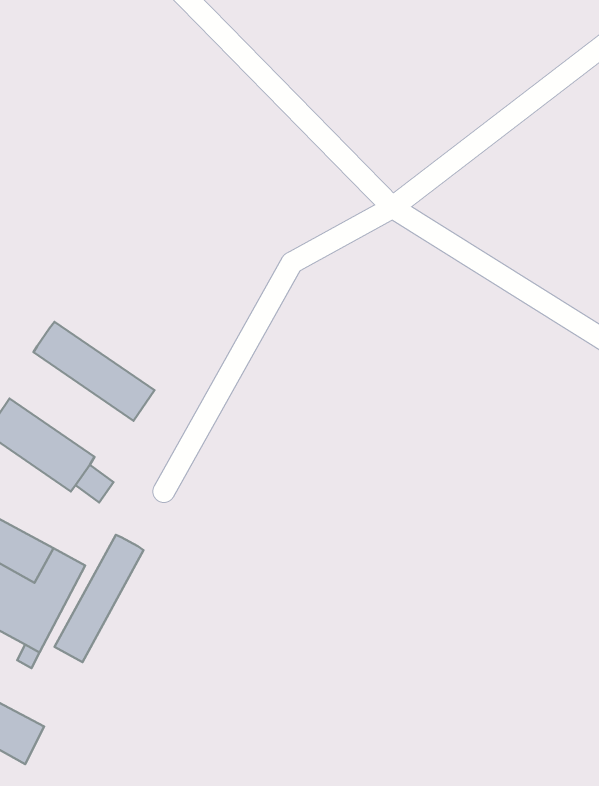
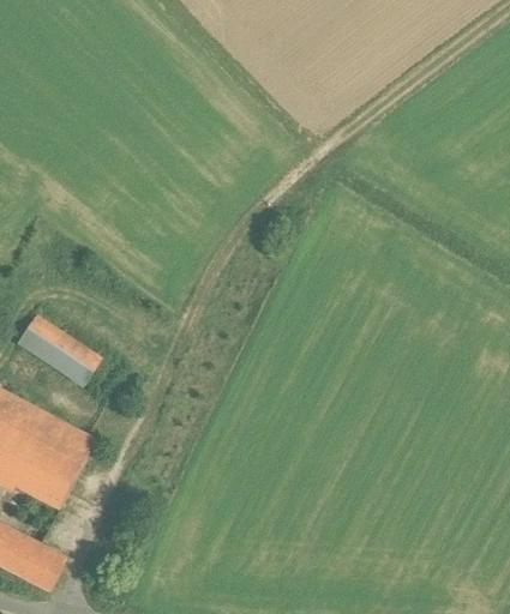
building: [34,322,155,421] -> none
building: [55,535,143,662] -> none

